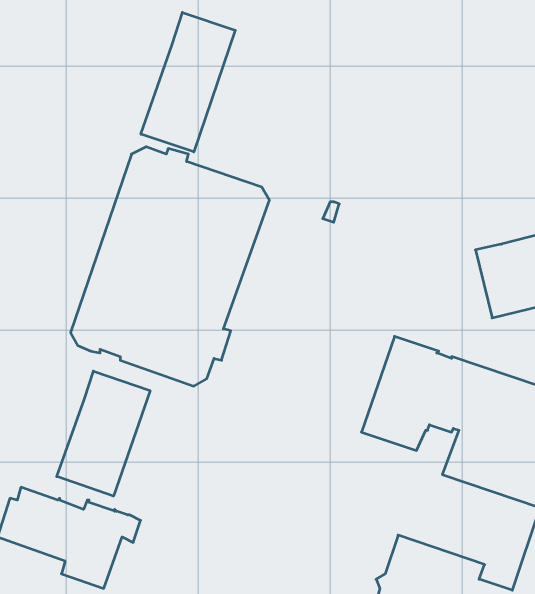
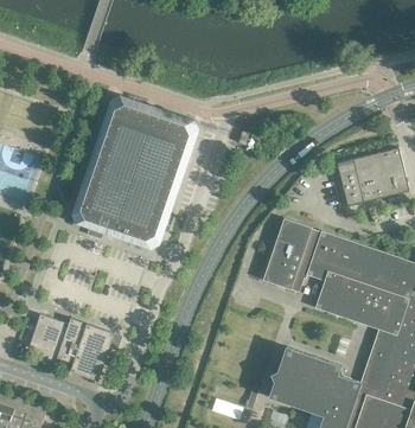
building: [141,12,235,152] -> none
building: [57,371,150,496] -> none

